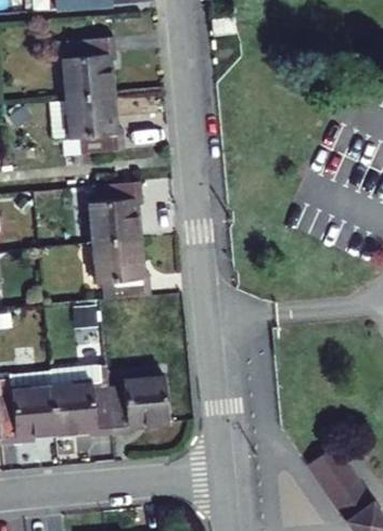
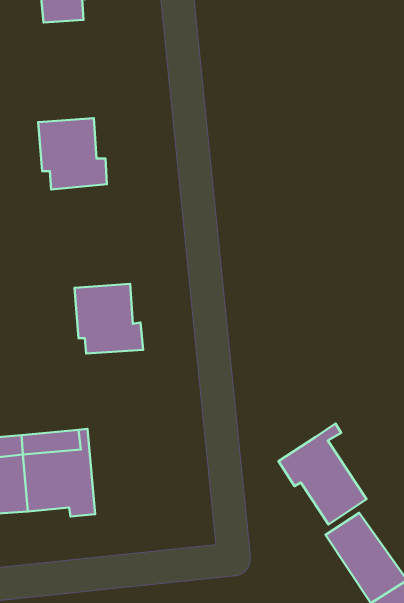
building: [60,47,113,107] -> none
building: [90,189,144,246] -> none
building: none -> [278,423,367,524]
building: [106,376,167,436] -> none

